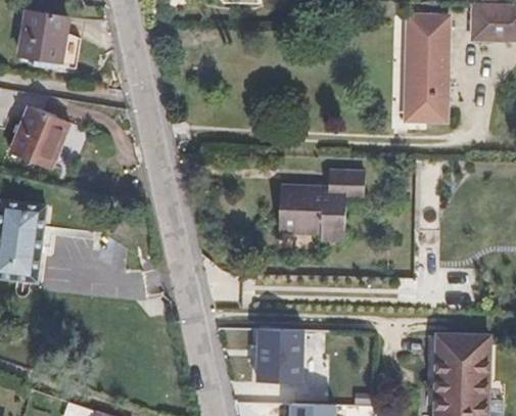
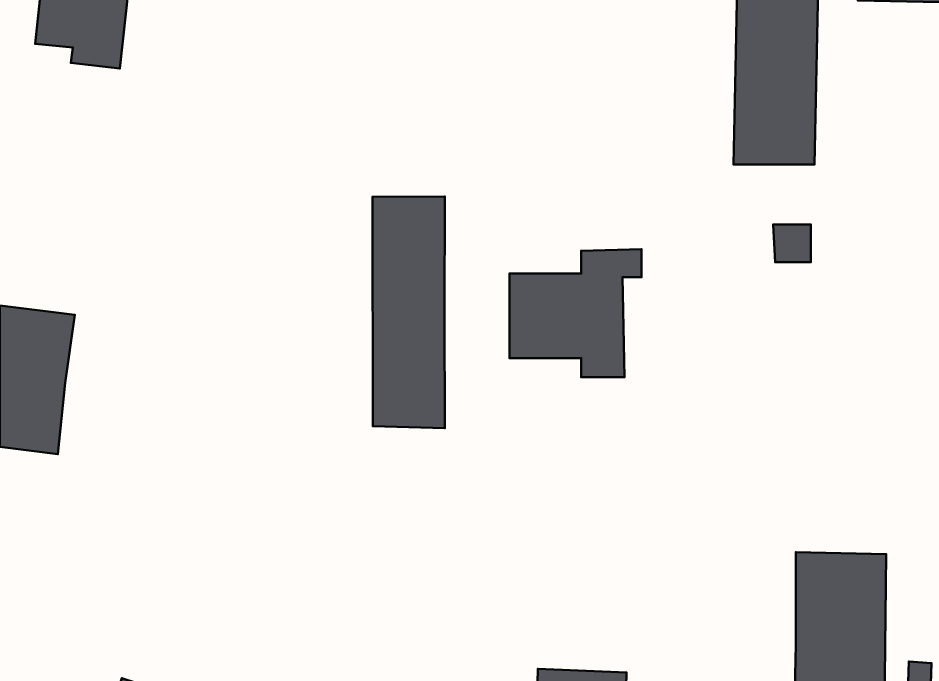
building: [9,107,71,171] -> none
building: none -> [373,196,445,428]
building: [261,322,311,377] -> none

